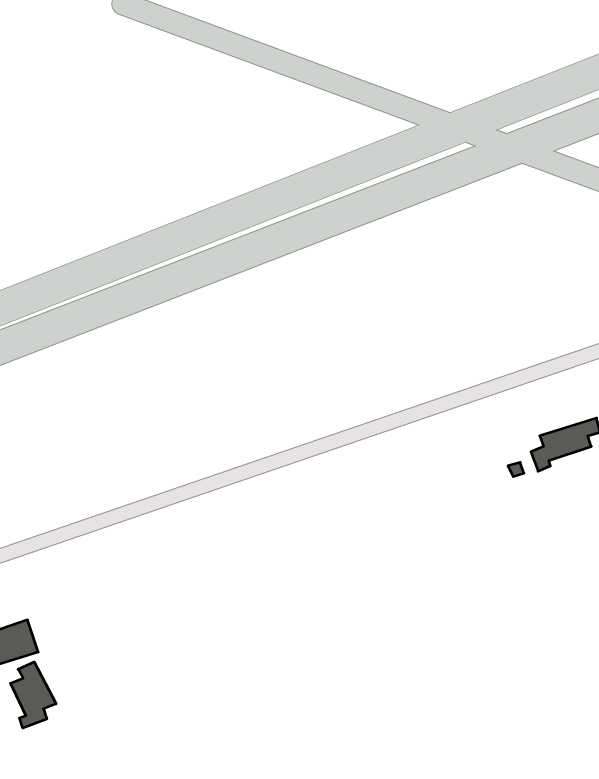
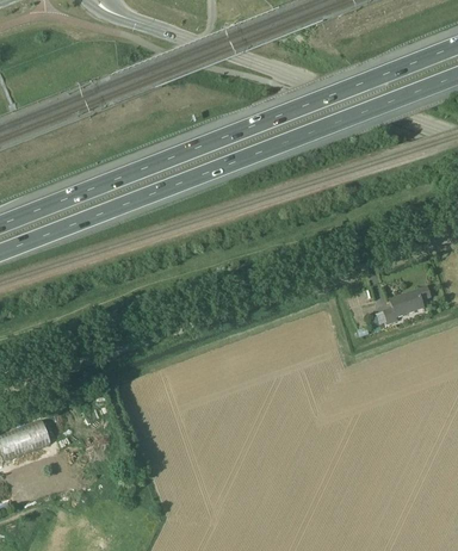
building: [10,662,56,728] -> none

